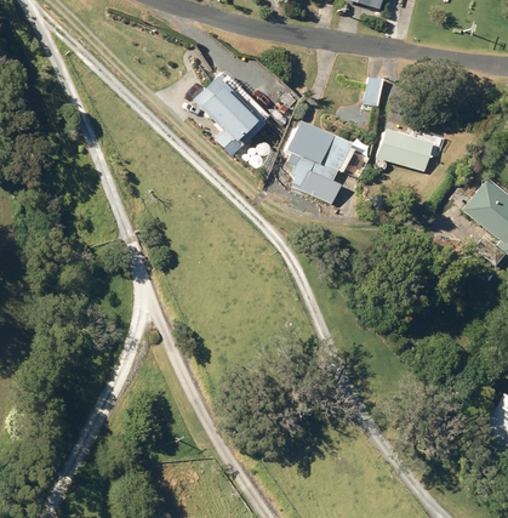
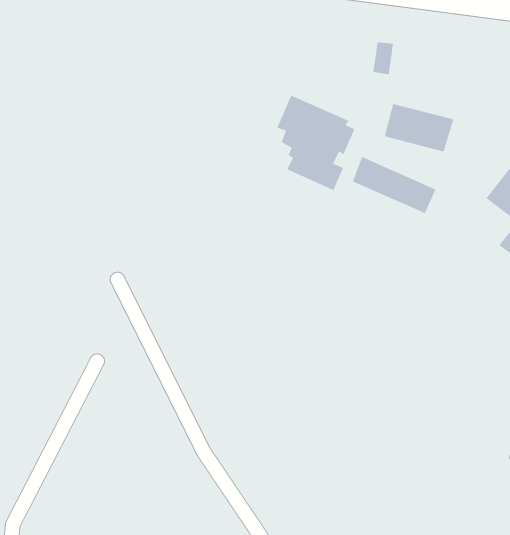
building: [195,70,274,154] -> none
building: none -> [352,156,436,214]

